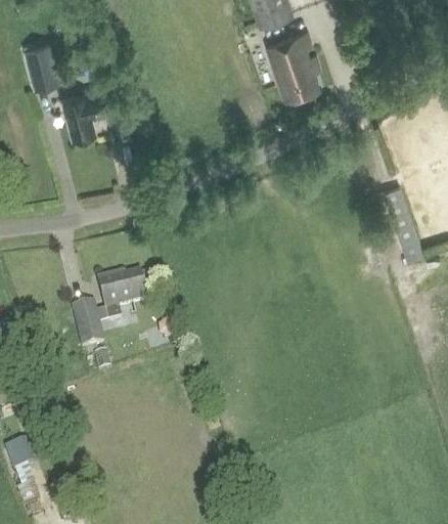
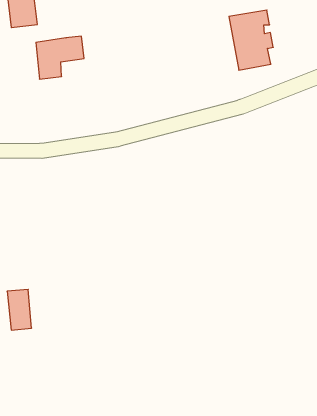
building: [98,271,151,319] -> none
building: [73,301,104,347] -> [7,289,32,330]

